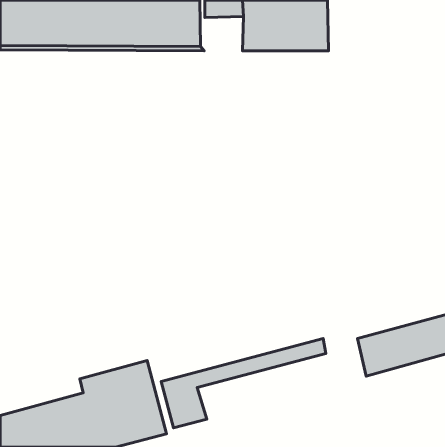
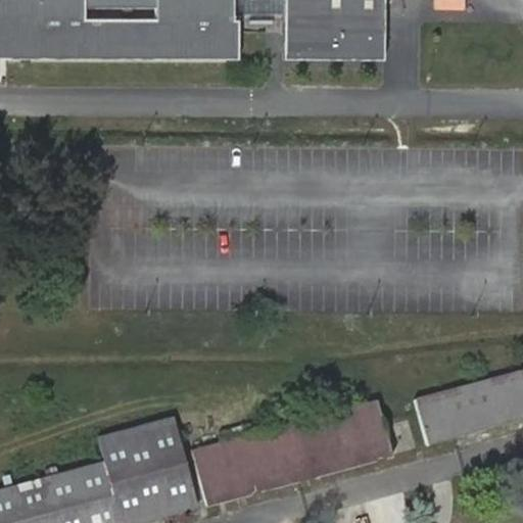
building: none -> [233,413,393,489]

